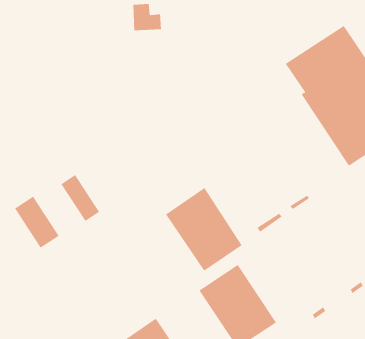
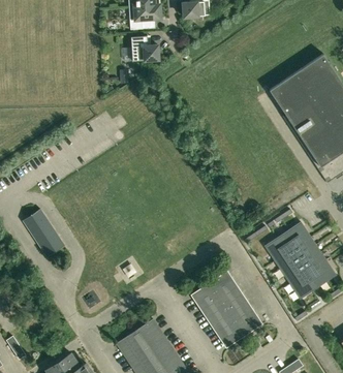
building: [60,174,100,222] -> none
building: [165,187,242,271] -> [264,222,335,299]

